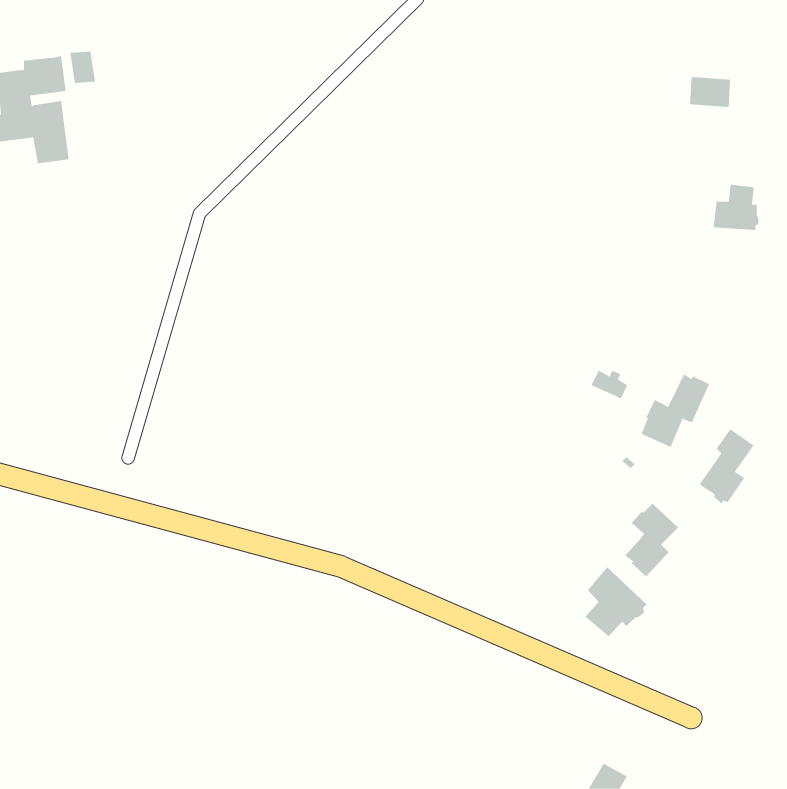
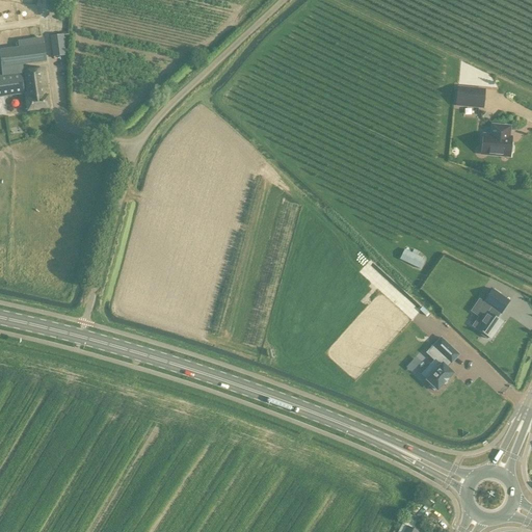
building: [689,76,731,107] -> [454,86,482,107]
building: [641,373,710,448] -> none
building: [584,566,648,637] -> none

